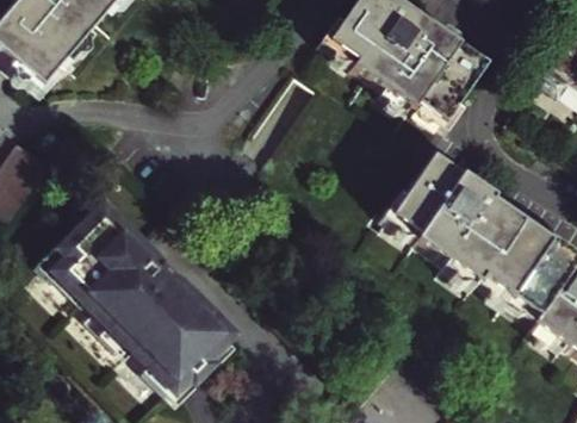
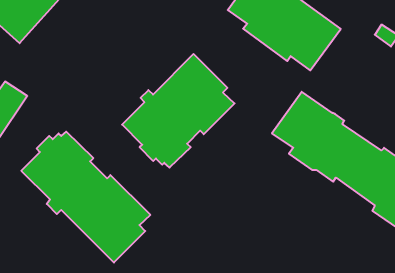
building: none -> [122,54,235,168]

